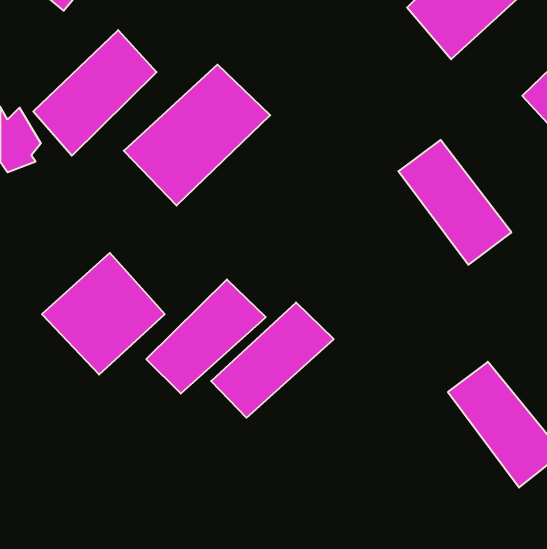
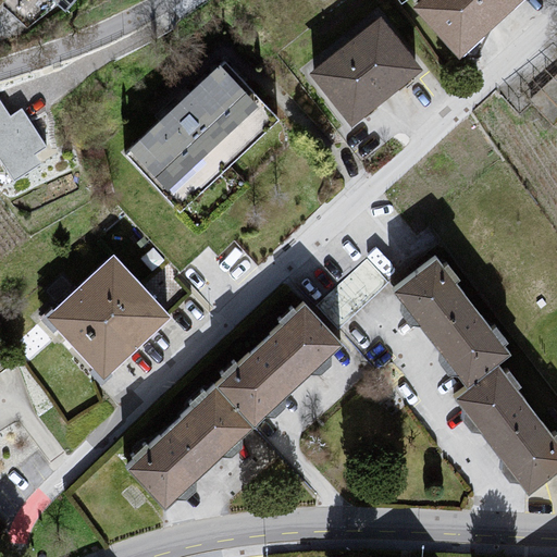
building: none -> [311,17,422,125]
building: [33,30,157,156] -> none
building: [398,140,511,265] -> [395,260,509,386]
building: [146,279,266,394] -> [128,388,249,504]

